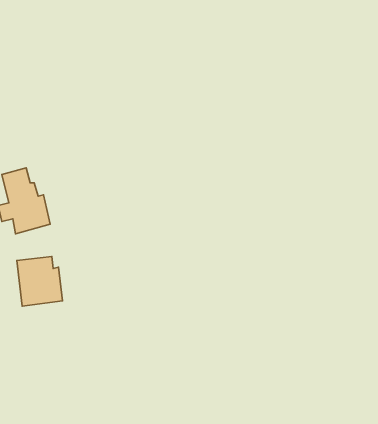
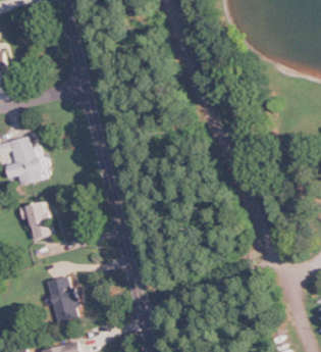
building: none -> [47,275,79,321]

